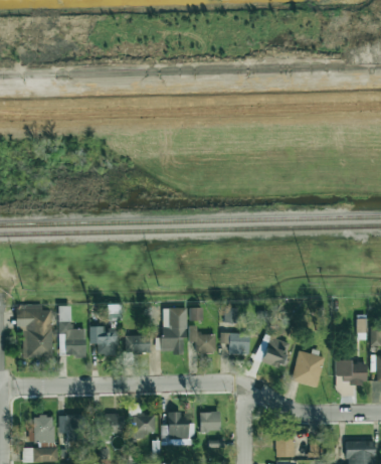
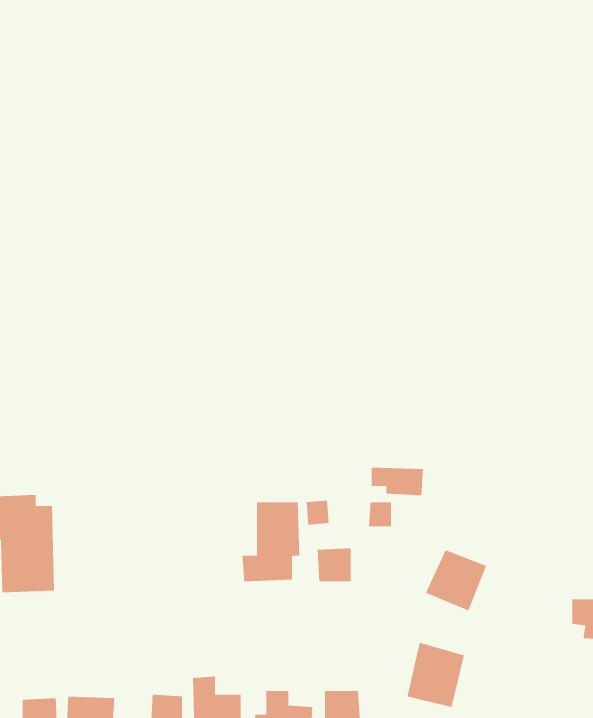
building: [58,305,85,356] -> none
building: [89,326,118,355] -> none
building: [220,332,249,348] -> [371,467,424,496]
building: [125,335,150,352] -> none
building: [292,350,324,386] -> [406,642,465,708]

